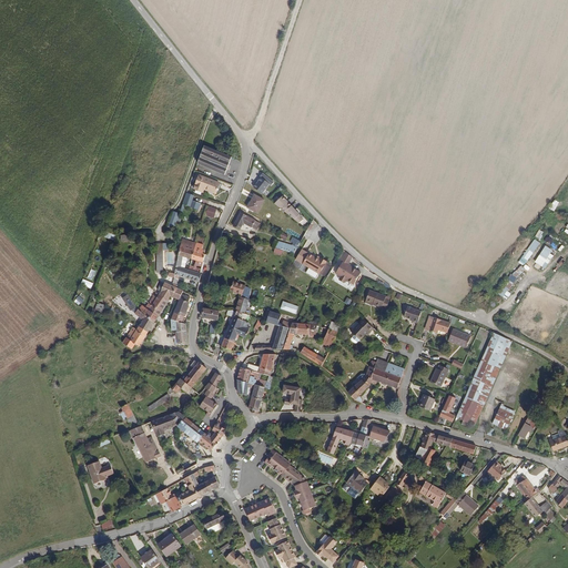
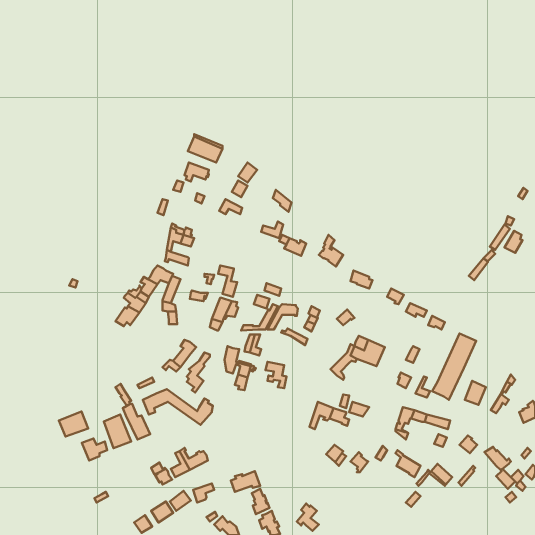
building: none -> [59,412,88,436]
building: none -> [104,415,131,448]
building: [265,447,315,516] -> none

